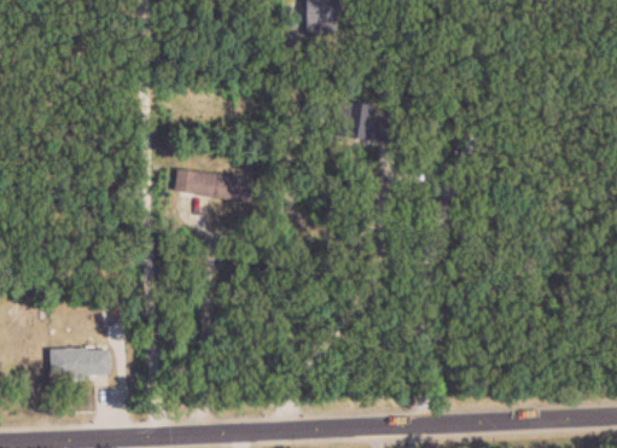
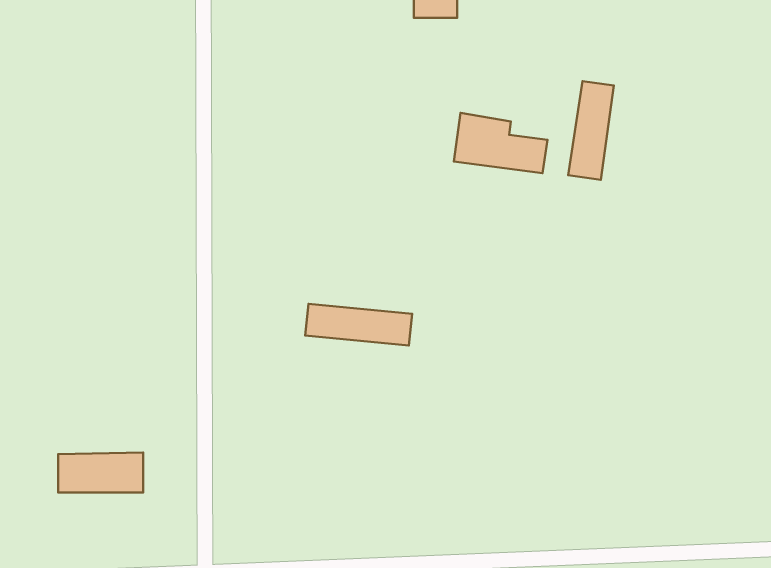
building: none -> [568,81,614,180]
building: [175,170,252,200] -> [305,304,412,346]

